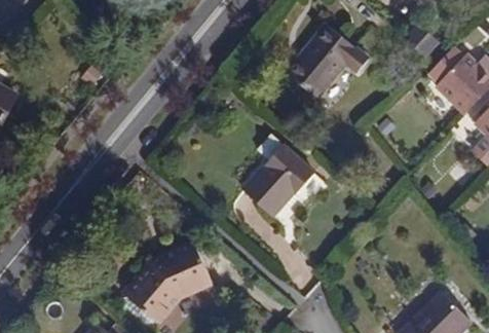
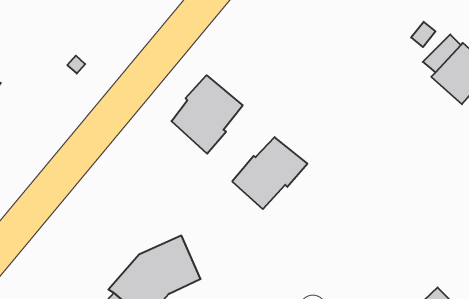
building: [286,25,369,100] -> none
building: none -> [171,75,243,154]

